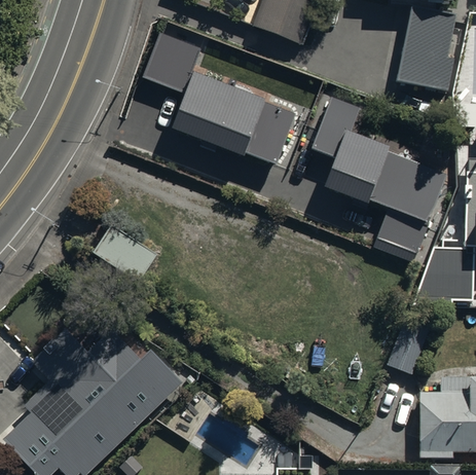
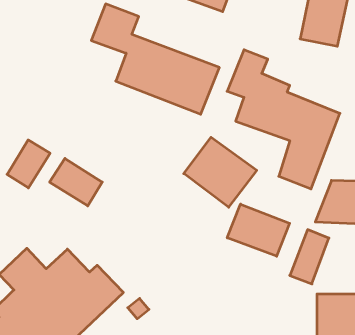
building: none -> [184,137,257,207]
building: none -> [7,140,50,188]
building: none -> [227,204,290,256]

